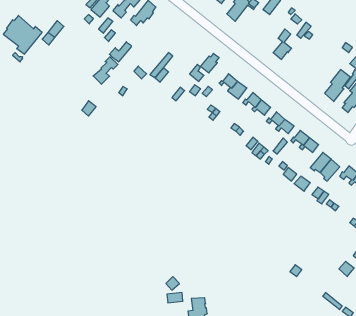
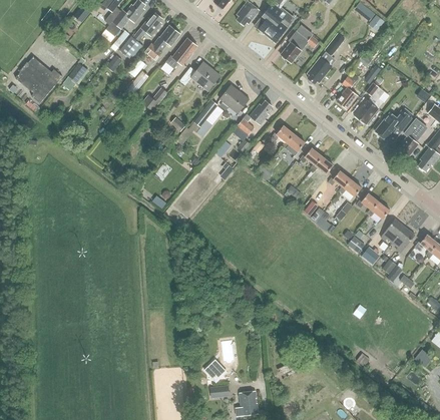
building: none -> [307,56,332,83]
building: none -> [179,62,221,90]
building: none -> [354,82,383,123]
building: none -> [219,84,250,113]
building: [93,57,118,84] -> none
building: none -> [375,108,413,140]

